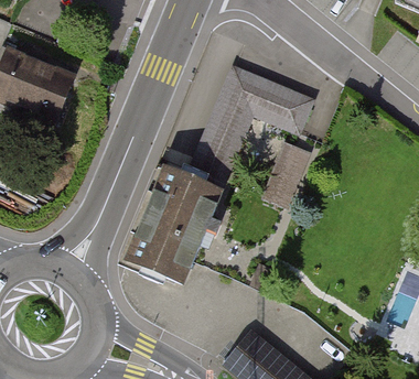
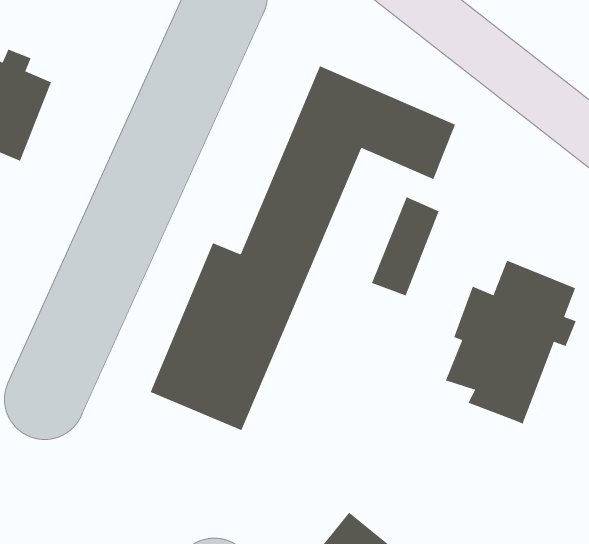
building: none -> [445,260,577,424]

